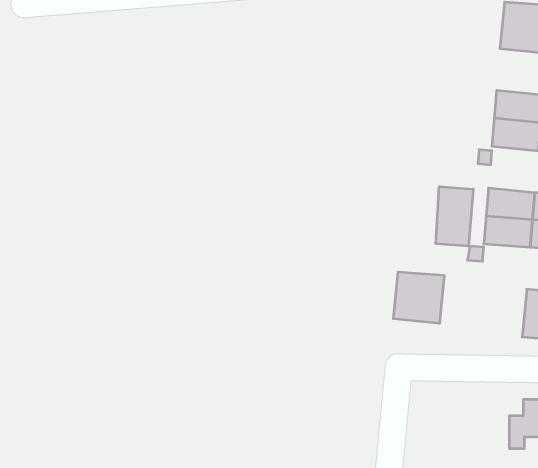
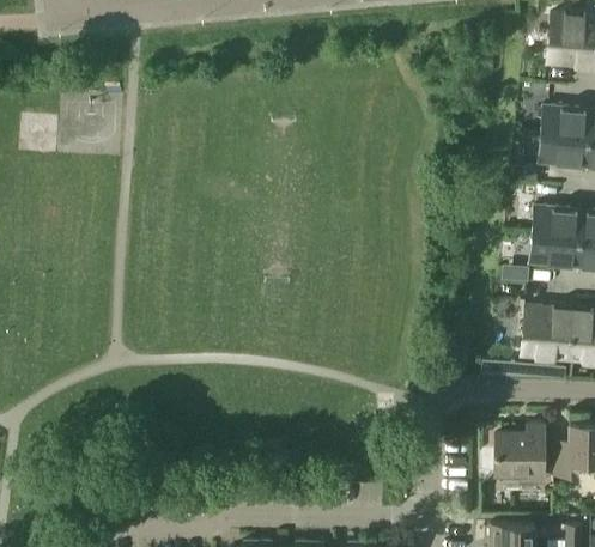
building: [436,187,473,246] -> none
building: [393,272,444,323] -> [522,306,575,359]
building: none -> [482,423,545,487]

